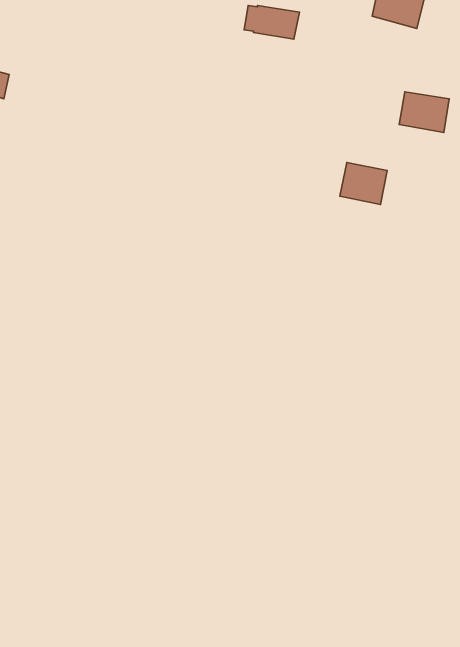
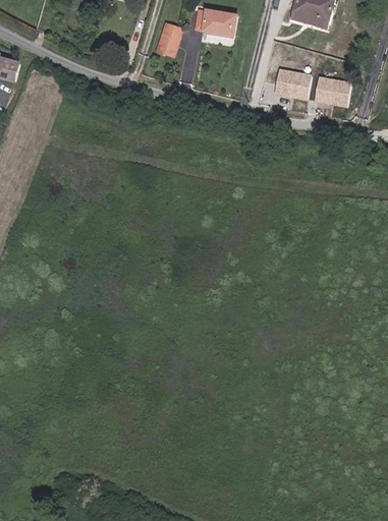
building: none -> [157,24,182,57]
building: [340,163,387,204] -> [274,68,310,100]

